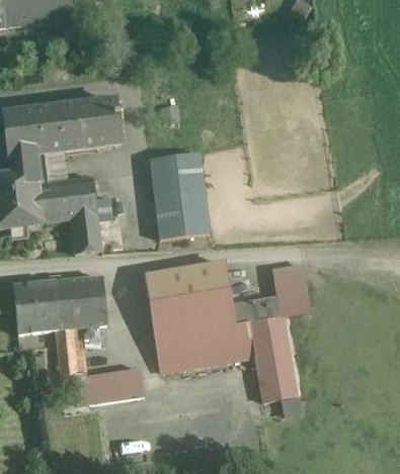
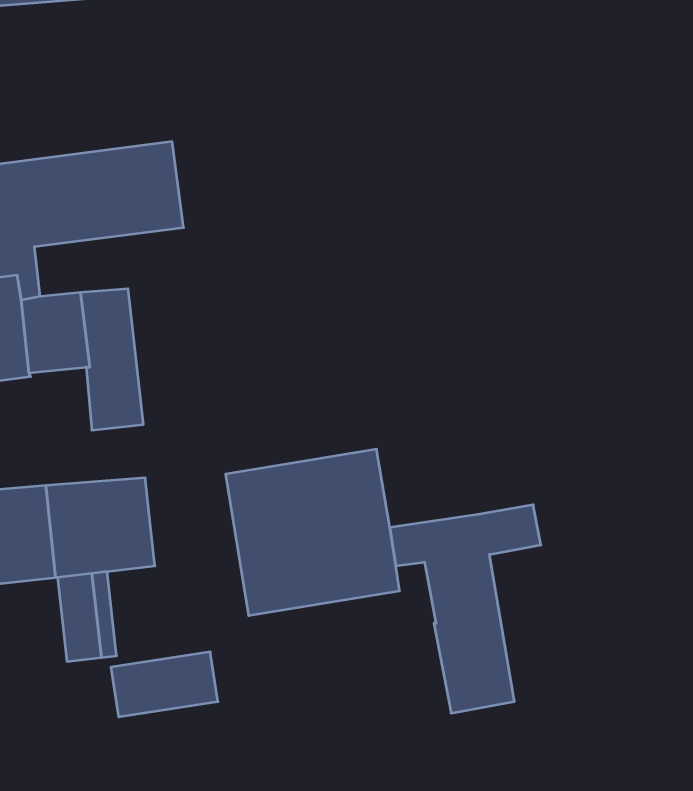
building: [148,151,209,238] -> none
building: [273,264,307,295] -> none
building: [156,320,255,369] -> none

